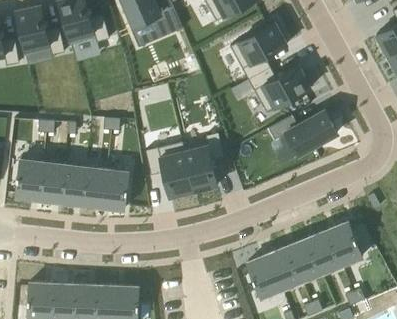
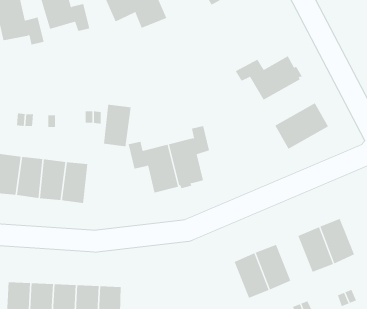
building: [237,22,286,80] -> none
building: [102,169,129,210] -> [103,104,131,147]
building: [287,238,321,281] -> none

